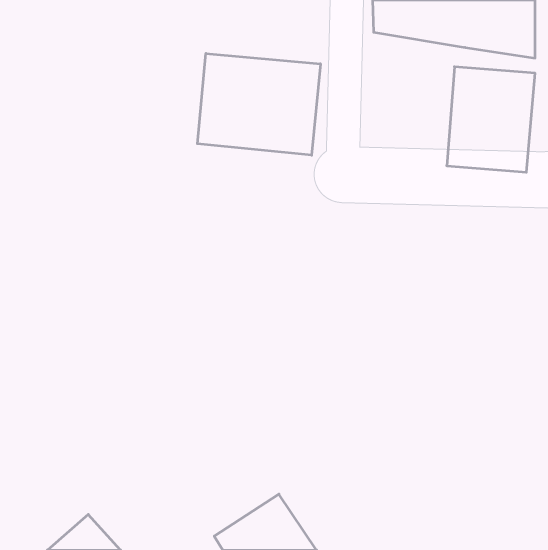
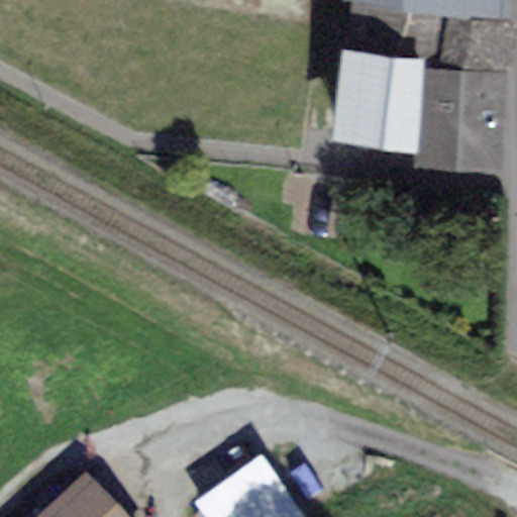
building: none -> [336,43,417,134]
building: [197,53,320,155] -> none

